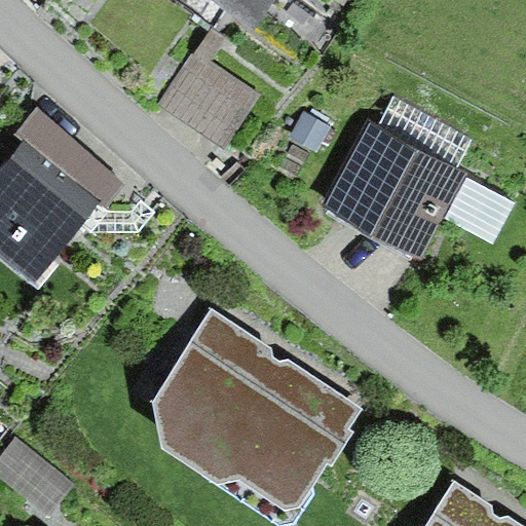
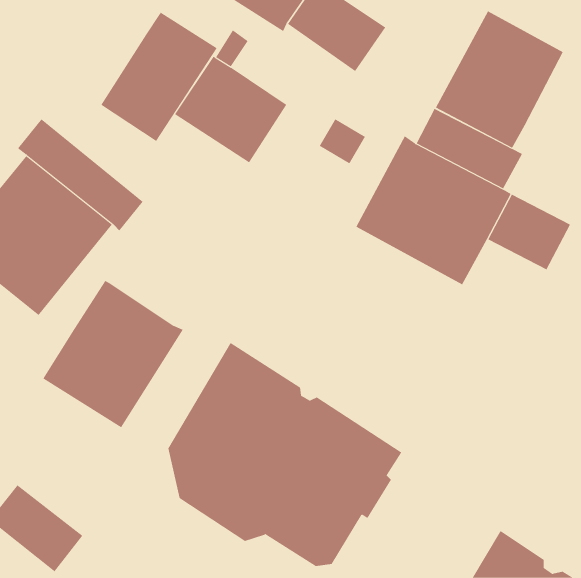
building: none -> [435,11,563,148]
building: none -> [101,12,217,142]
building: none -> [43,280,184,428]

